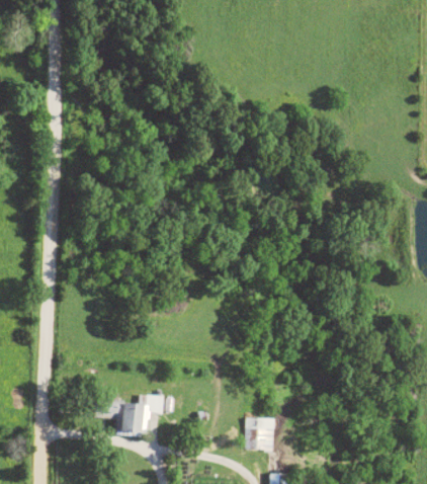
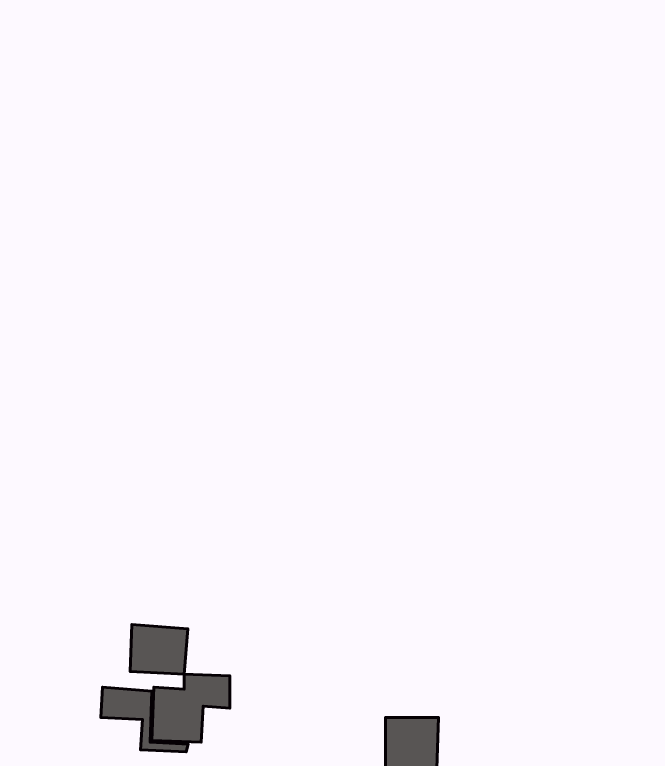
building: none -> [130,625,188,674]

